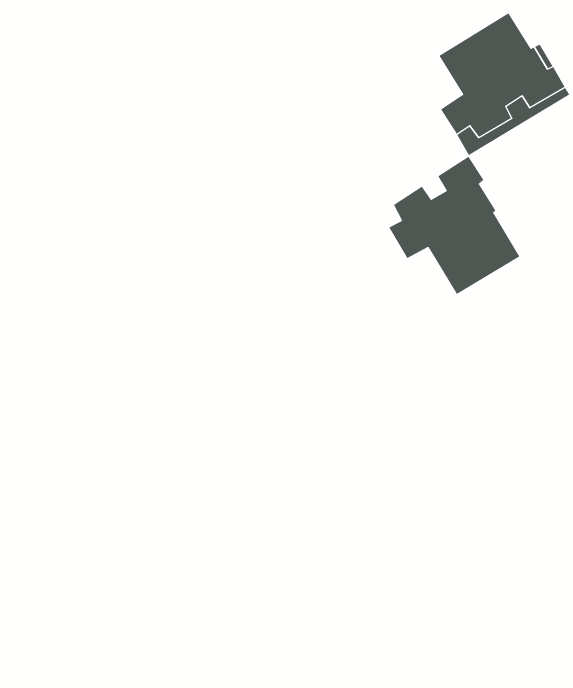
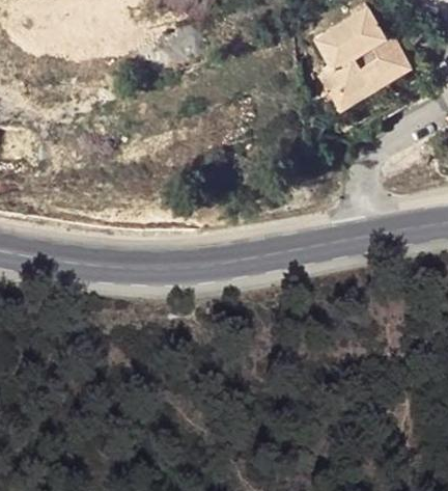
building: [389,156,520,295] -> none

